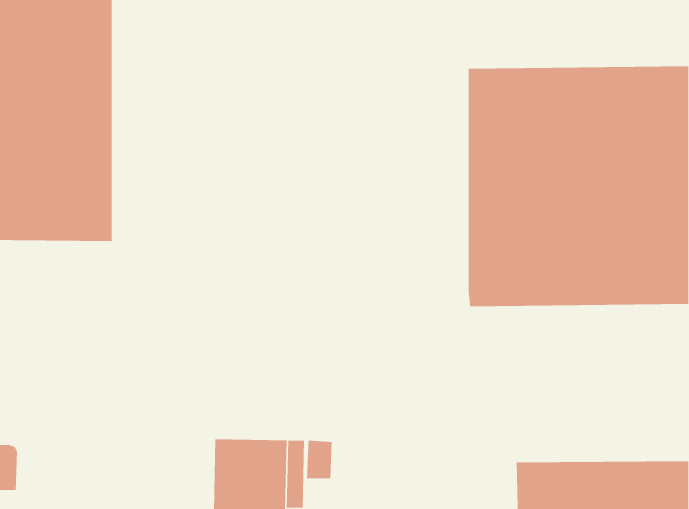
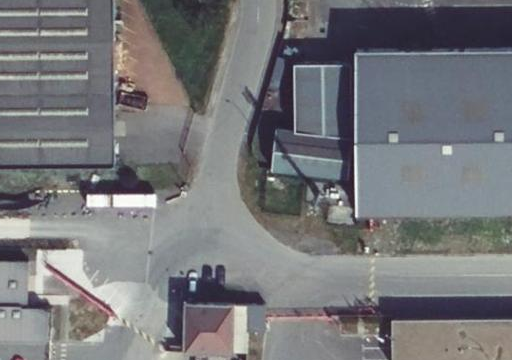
building: none -> [271,63,353,174]

